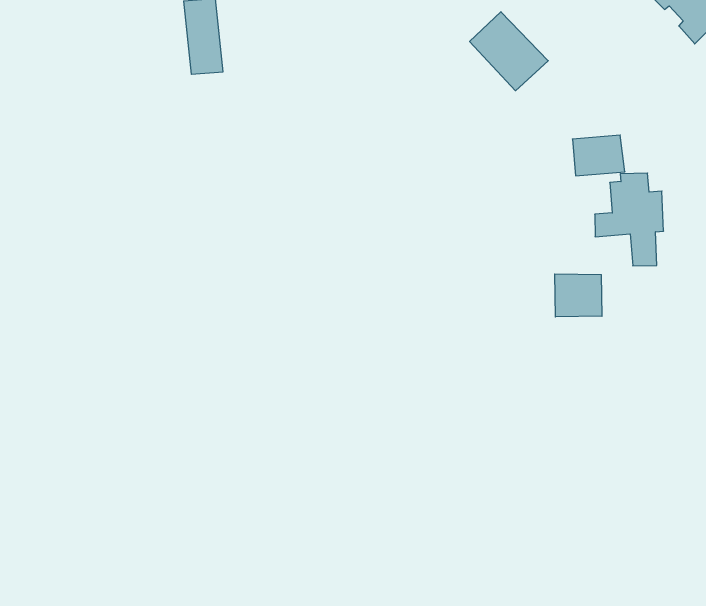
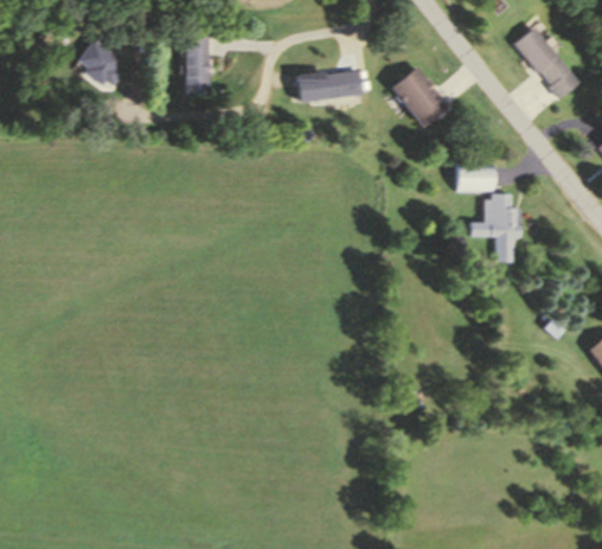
building: none -> [77,40,122,87]
building: none -> [293,70,364,103]
building: [555,274,602,317] -> none

